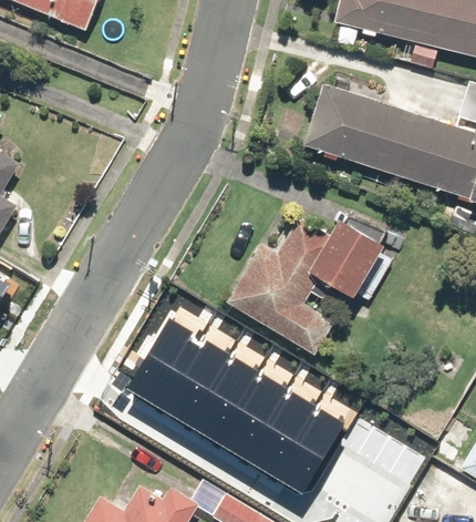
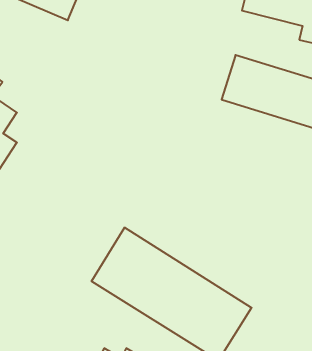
building: [224,212,403,356] -> none

